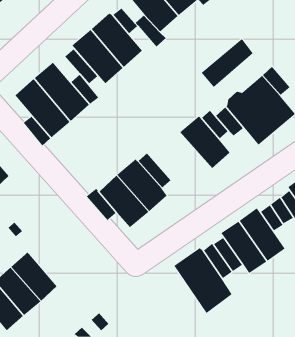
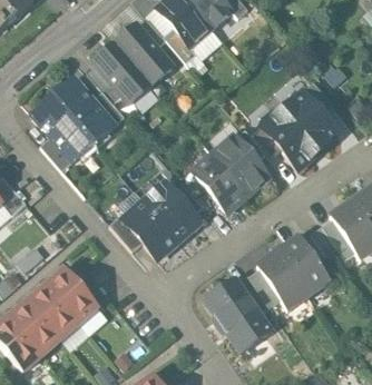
building: [201,38,254,88] -> none
building: none -> [193,154,248,211]
building: none -> [47,268,98,322]

